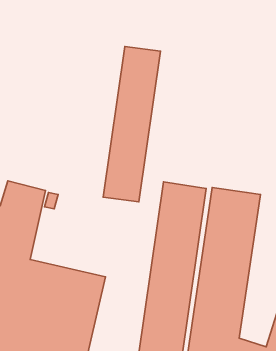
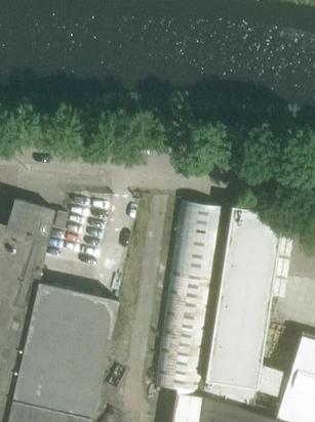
building: [103,46,160,202] -> none

